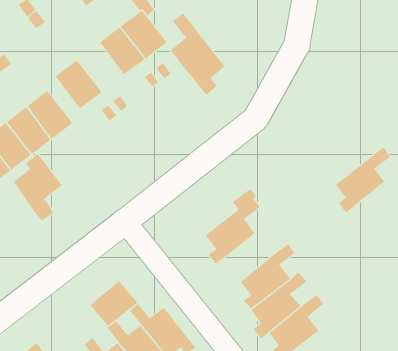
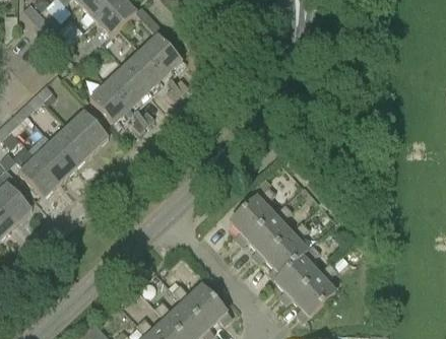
building: [170,13,225,96] -> none
building: none -> [107,66,147,108]
building: [335,146,391,213] -> [247,202,292,262]
building: [13,153,63,222] -> none
building: [90,280,138,327] -> none

